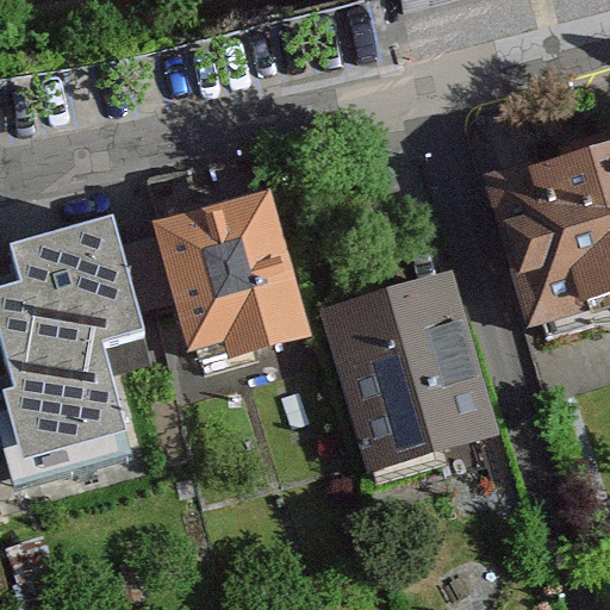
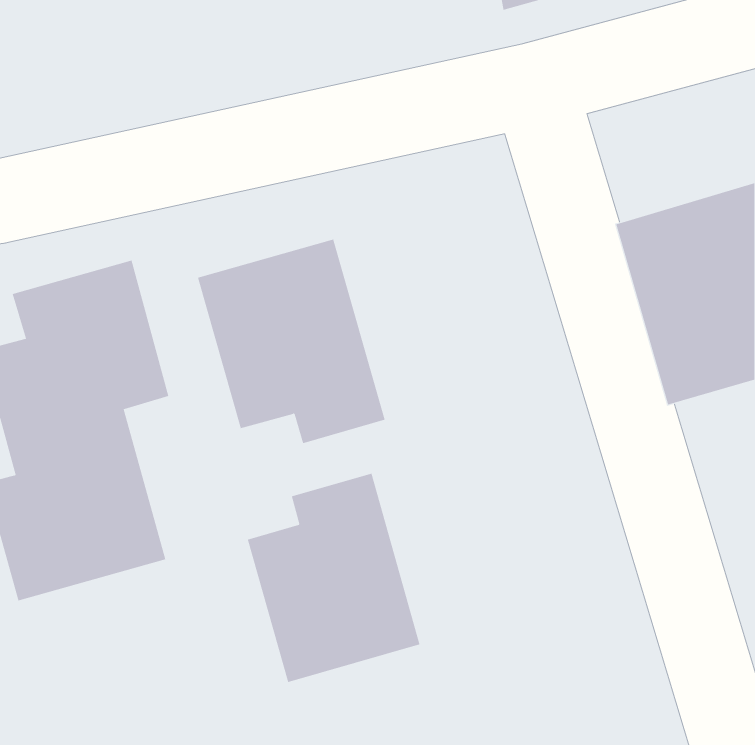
building: [328,279,493,467] -> none
building: none -> [247,473,420,683]

